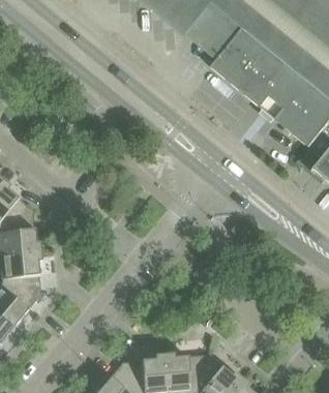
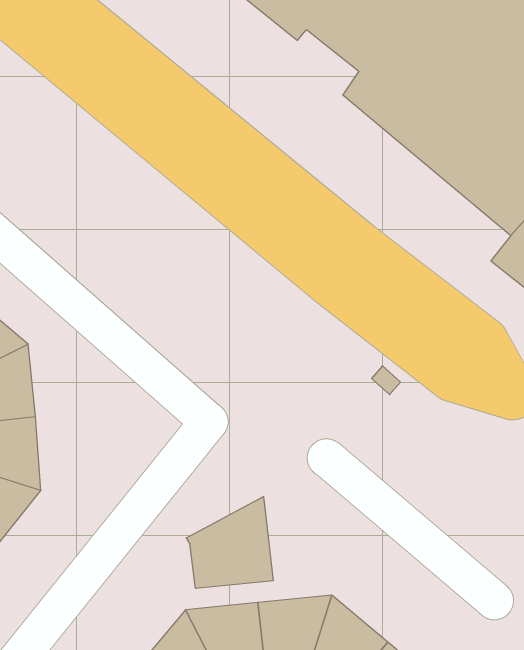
building: none -> [186,497,273,588]

